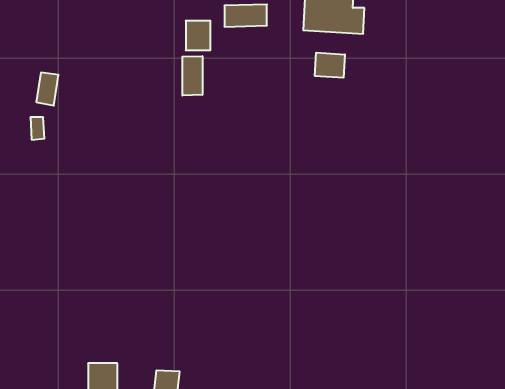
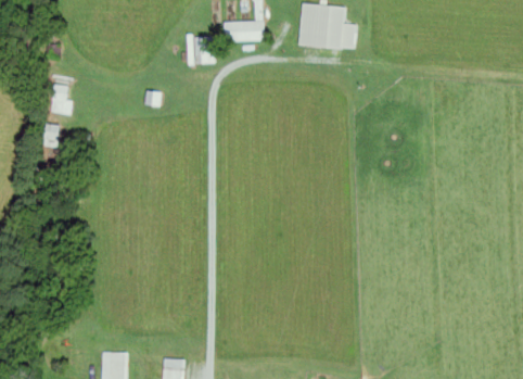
building: [315,53,345,78] -> none
building: [182,56,202,96] -> none

